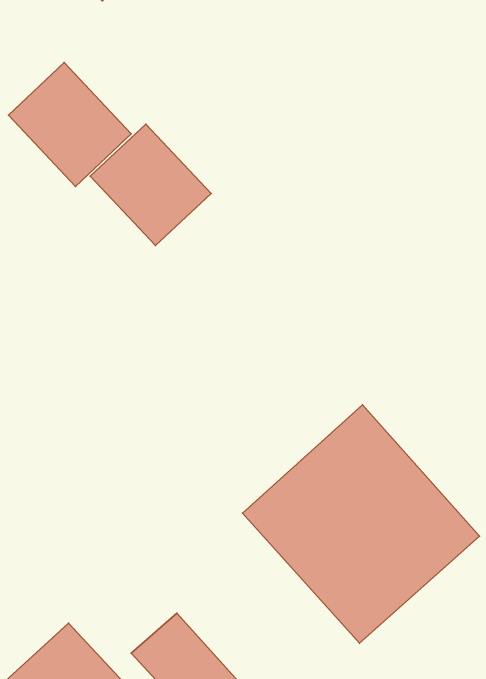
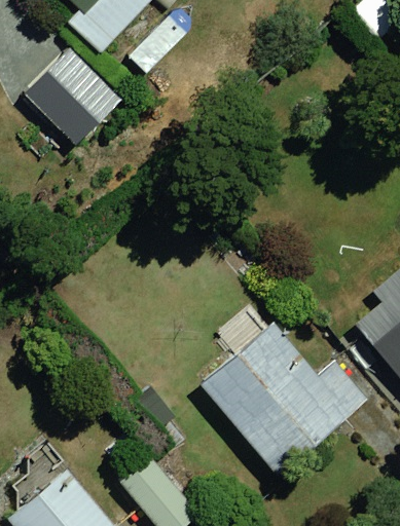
building: [90,124,211,245] -> none

